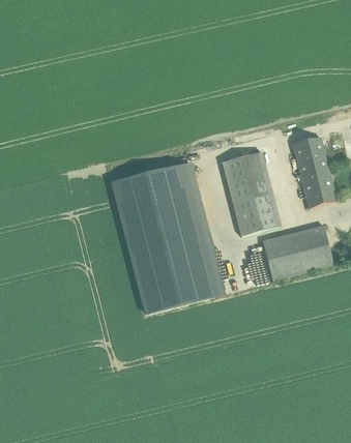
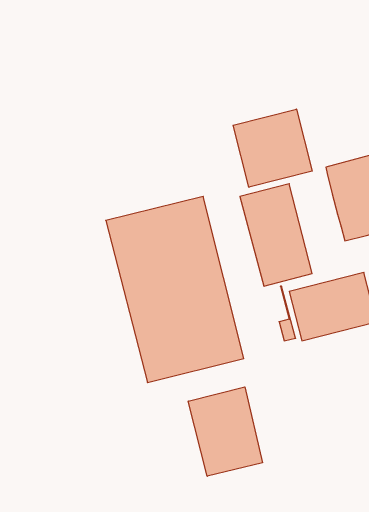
building: none -> [233,109,312,187]
building: none -> [188,387,262,476]

